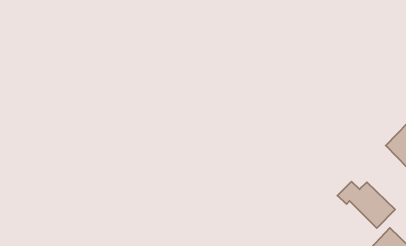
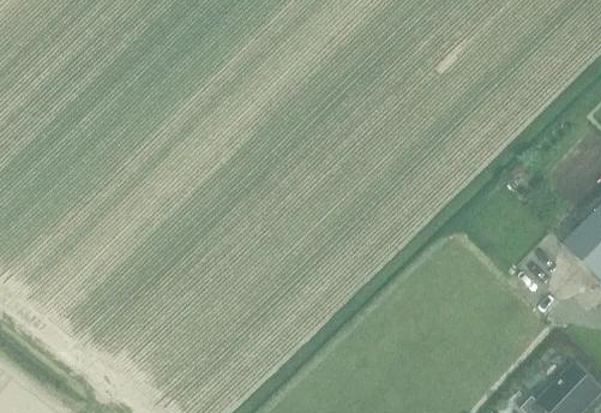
building: [337,182,395,228] -> none

